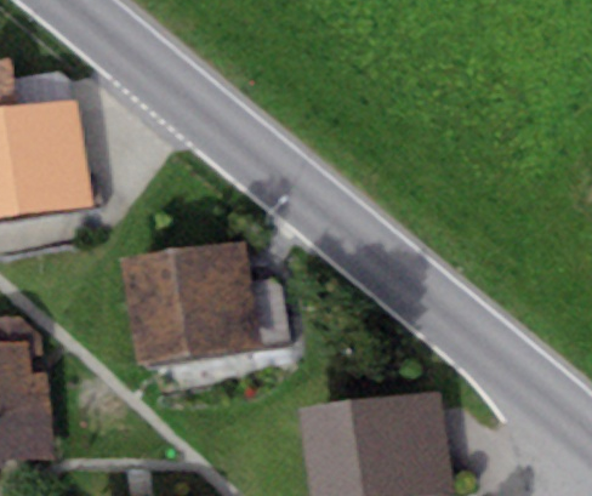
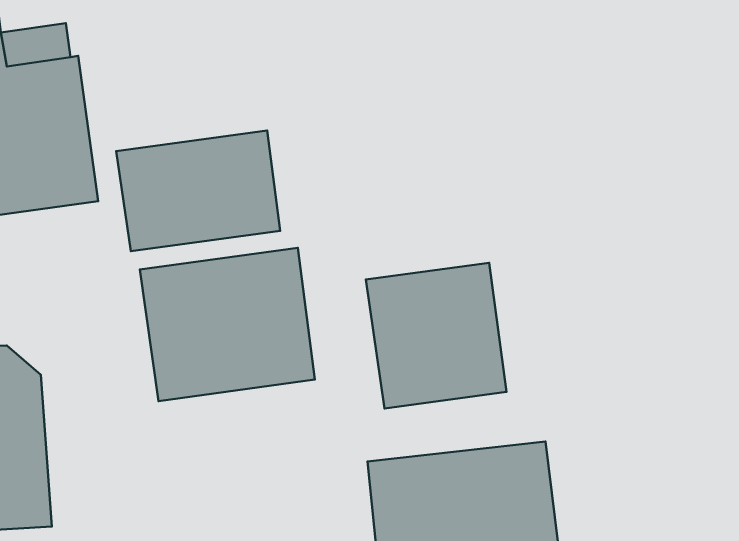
building: none -> [116,131,280,251]
building: none -> [366,263,506,409]

